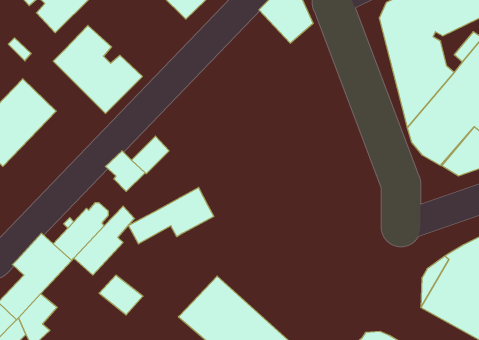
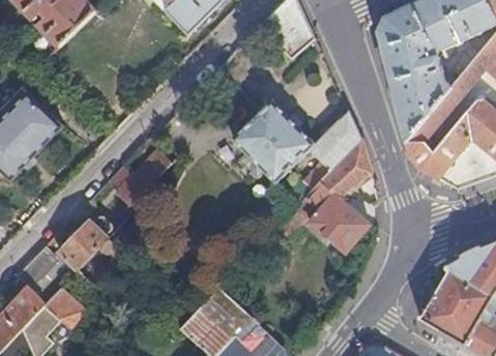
building: [53,25,142,113] -> none
building: none -> [232,98,371,250]
building: [128,187,214,244] -> none
building: [99,275,143,315] -> [43,288,87,327]

